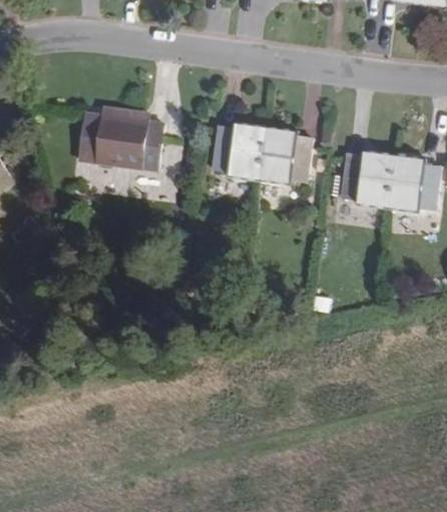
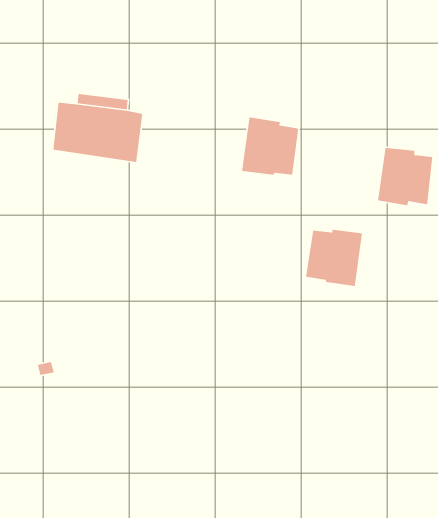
building: [212,123,267,179] -> none
building: [341,152,396,207] -> [305,229,363,287]

